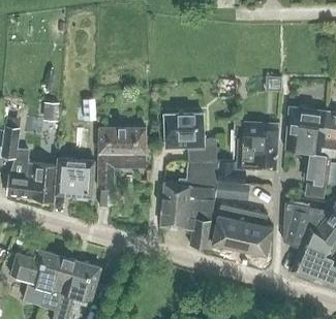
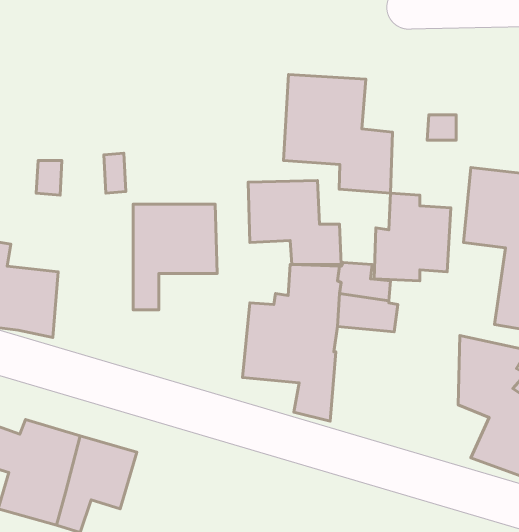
building: none -> [284,75,392,193]
building: [55,159,95,197] -> none
building: [212,204,273,255] -> none

